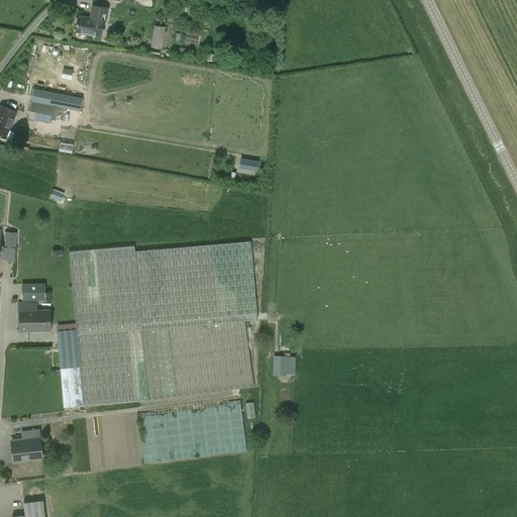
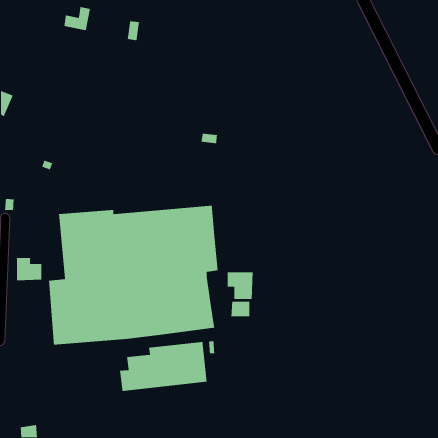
building: [27,88,83,122] -> none
building: [21,284,44,300] -> none
building: none -> [227,272,254,300]
building: [10,430,41,460] -> none

